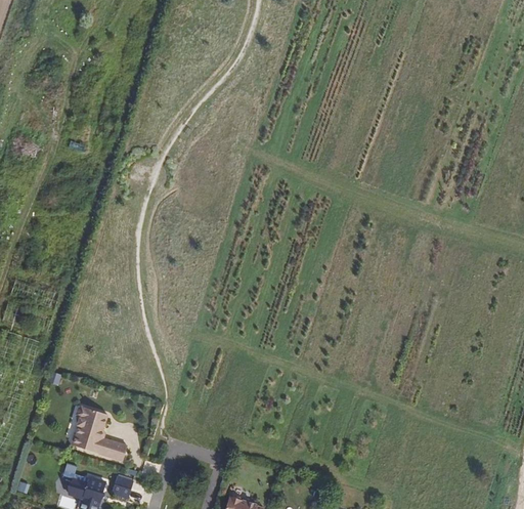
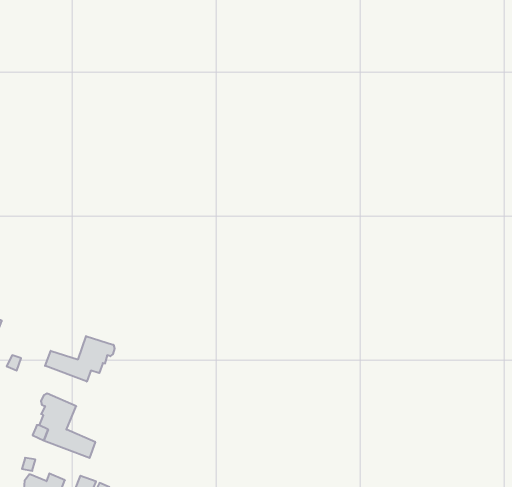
building: none -> [45,336,115,382]

